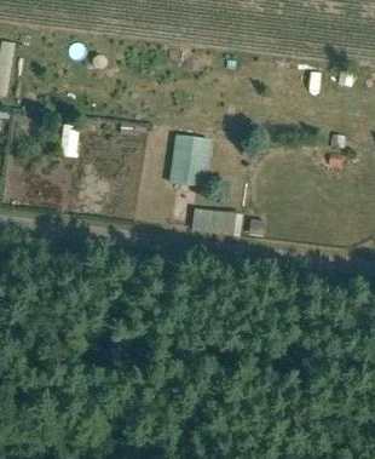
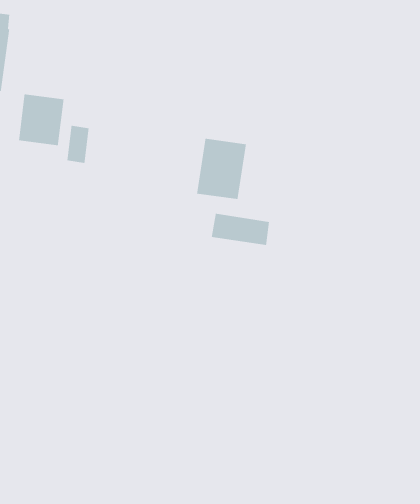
building: none -> [18,93,64,146]

